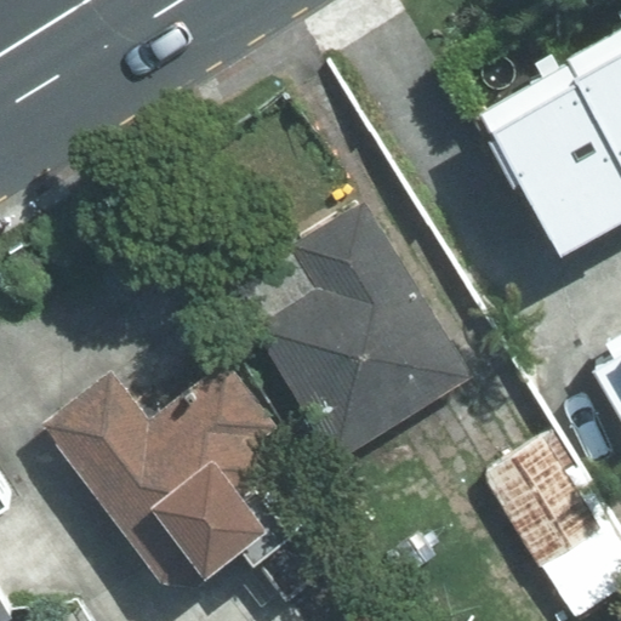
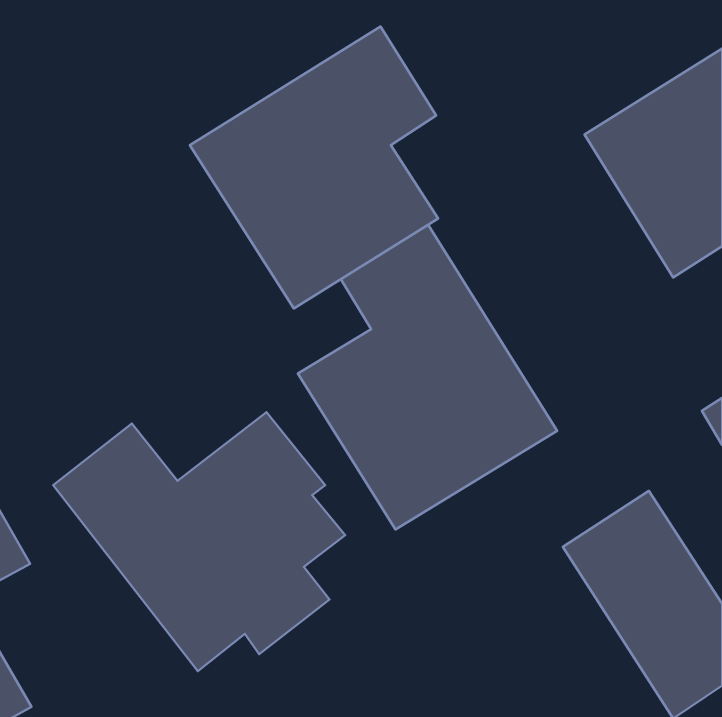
building: none -> [190,26,438,308]

